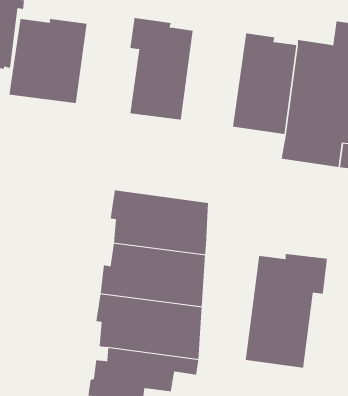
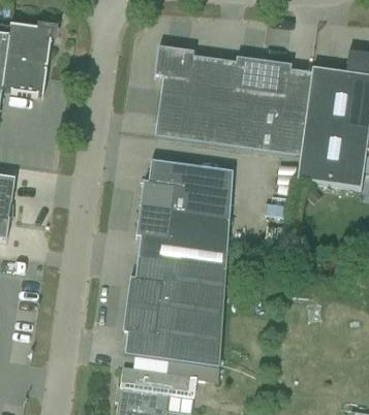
building: [9,18,87,104] -> none
building: none -> [203,56,263,148]
building: none -> [140,159,232,219]
building: [245,253,328,369] -> none

